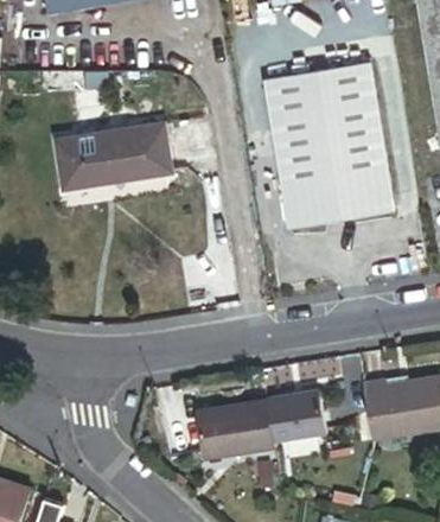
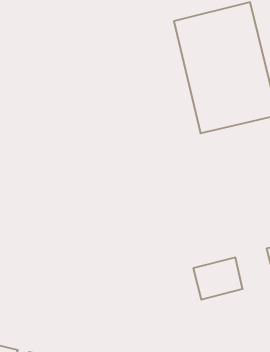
building: [57,125,171,187] -> none
building: [196,402,274,457] -> none

